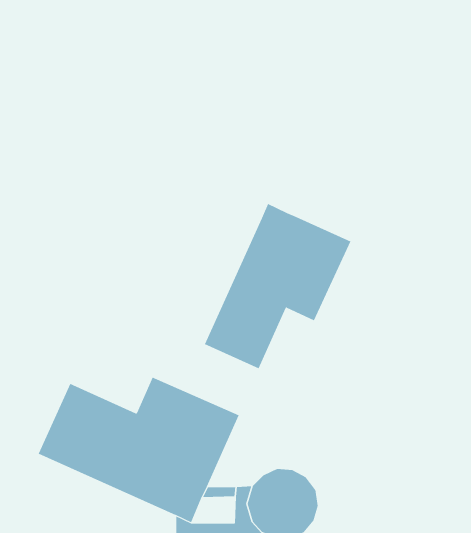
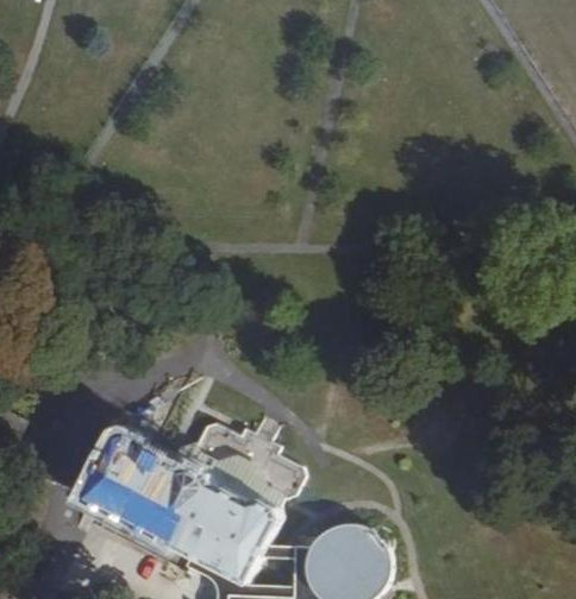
building: [204,203,351,369] -> none

